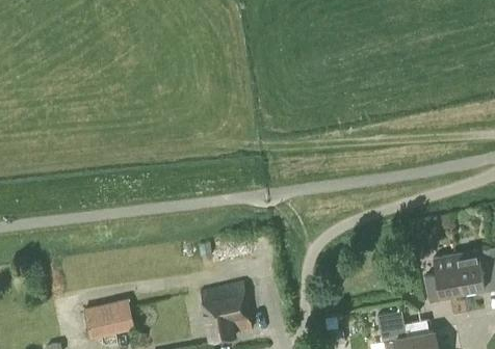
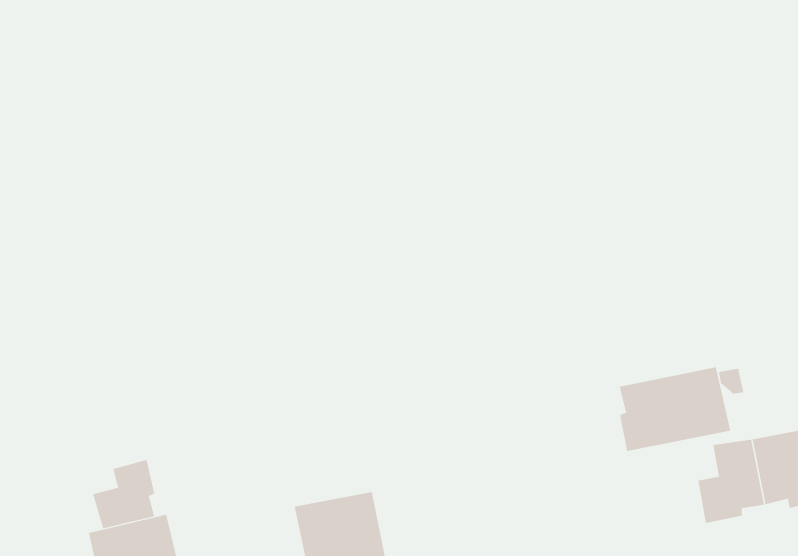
building: none -> [619,366,731,452]
building: none -> [92,459,155,529]

